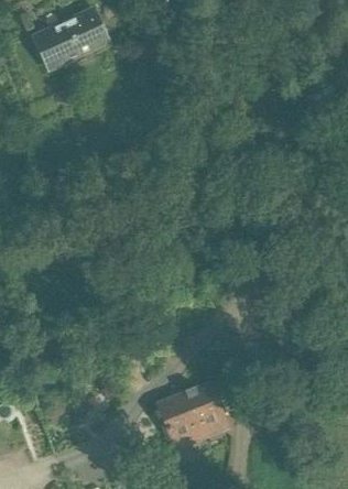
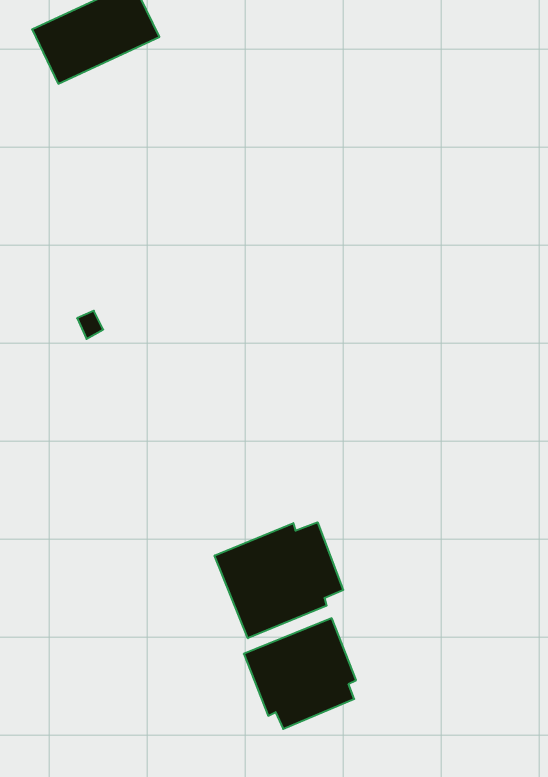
building: none -> [215,522,343,638]

